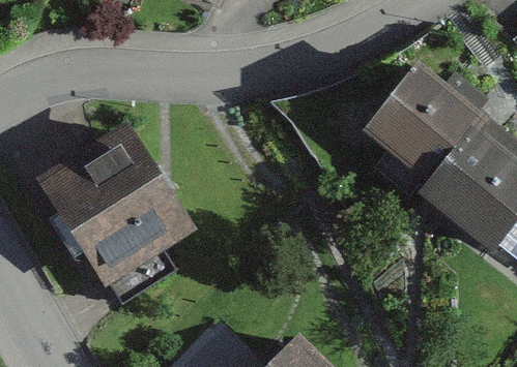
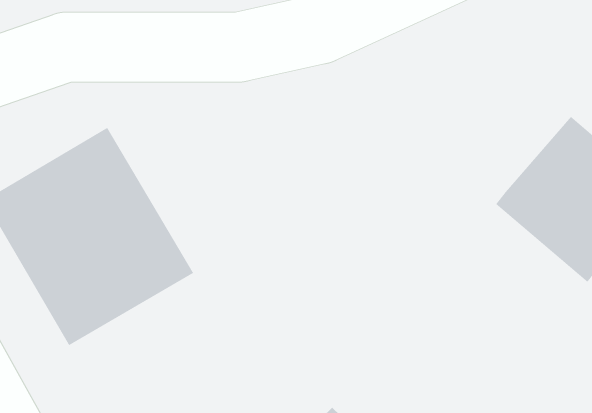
building: [361,47,487,173] -> none

